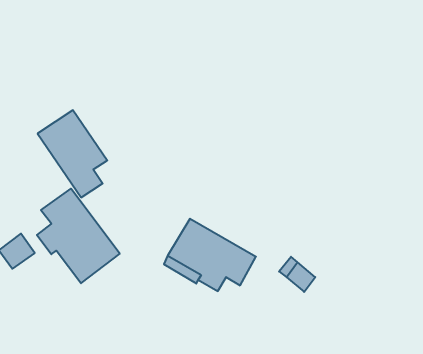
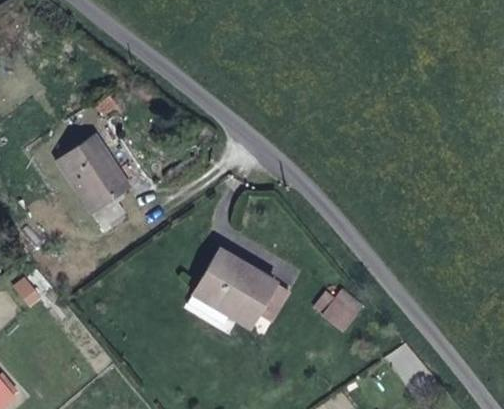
building: [37,189,120,283] -> none

